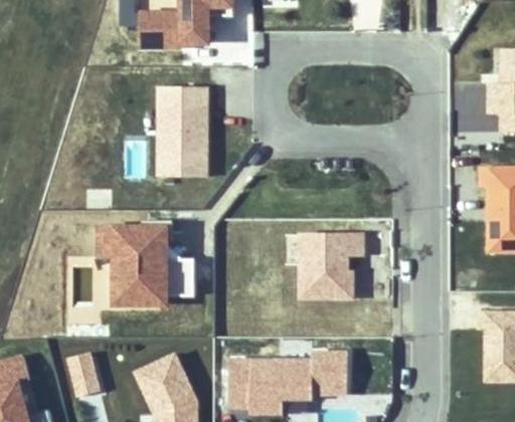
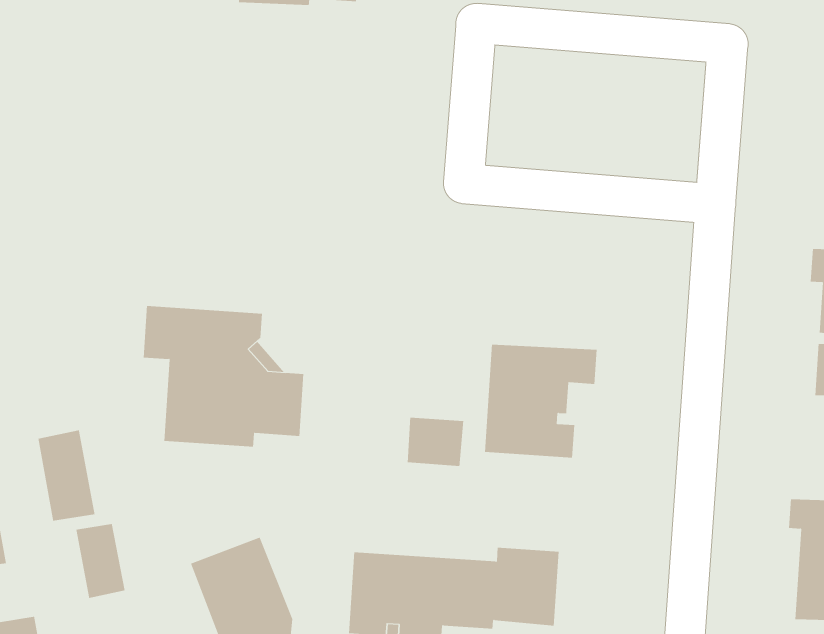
building: [158,86,206,177] -> none
building: none -> [407,417,464,467]
building: none -> [38,430,95,521]

